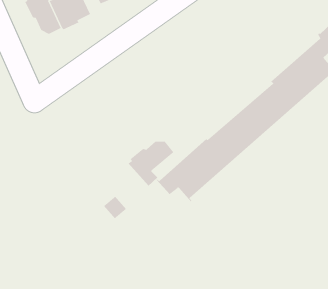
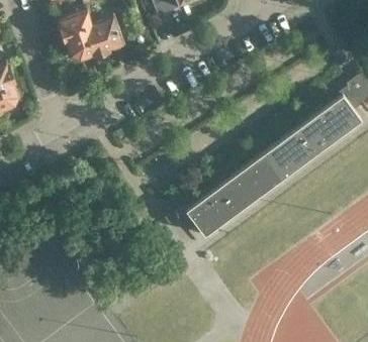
building: [128,141,174,186] -> none

